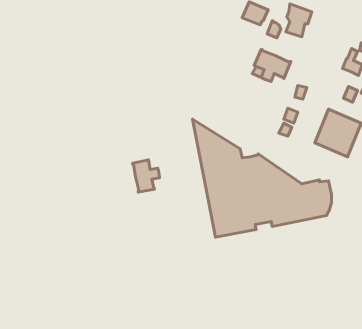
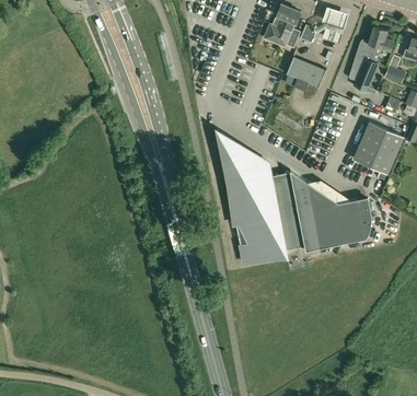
building: none -> [264,21,300,48]
building: none -> [348,26,394,93]
building: [133,160,160,192] -> none

